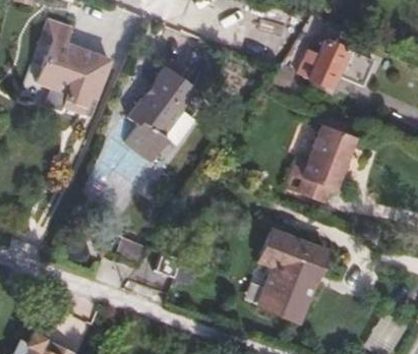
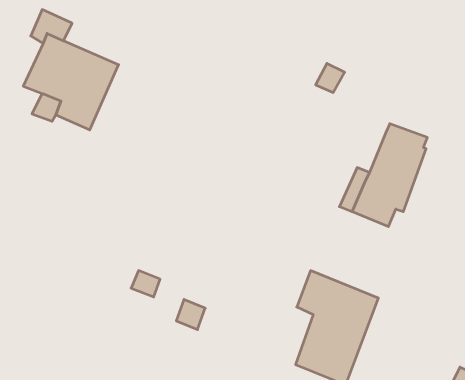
building: [308,39,373,94] -> none
building: [123,68,192,164] -> none

